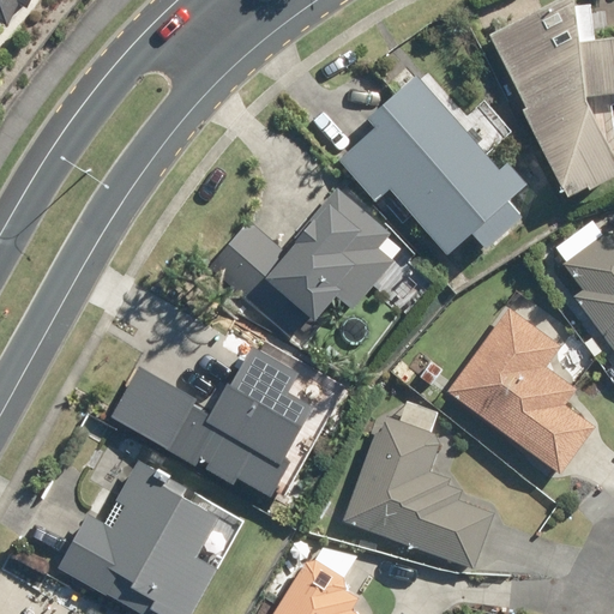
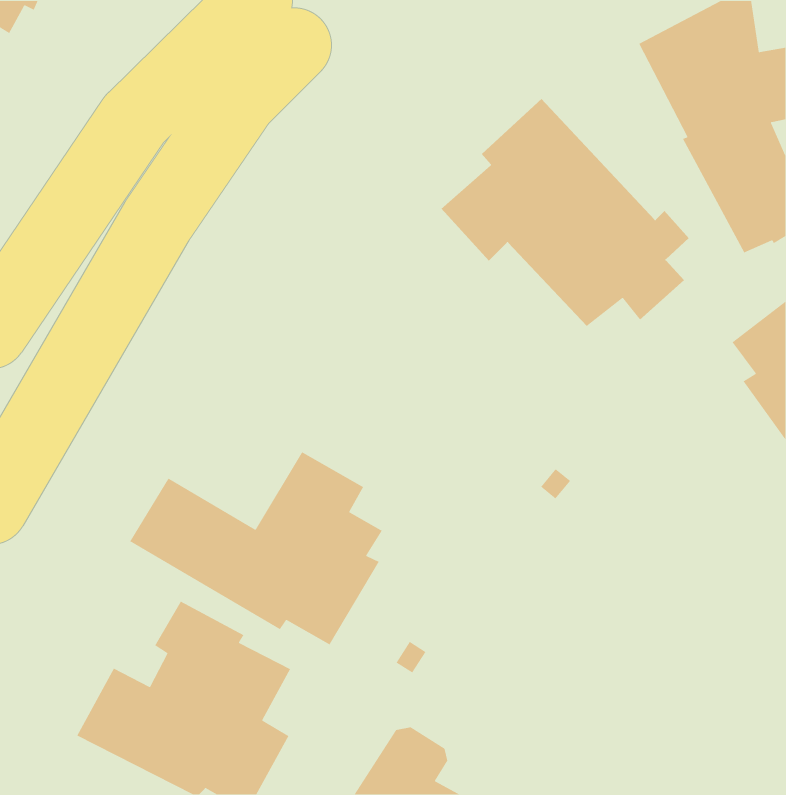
building: [206,186,395,338] -> none
building: [447,308,594,472] -> none
building: [343,415,493,568] -> none

